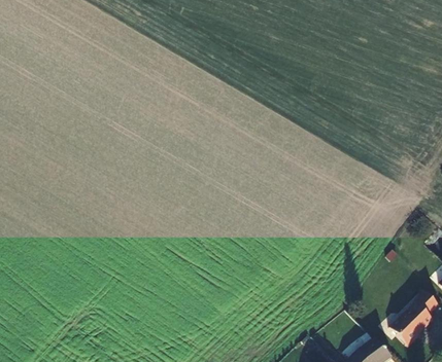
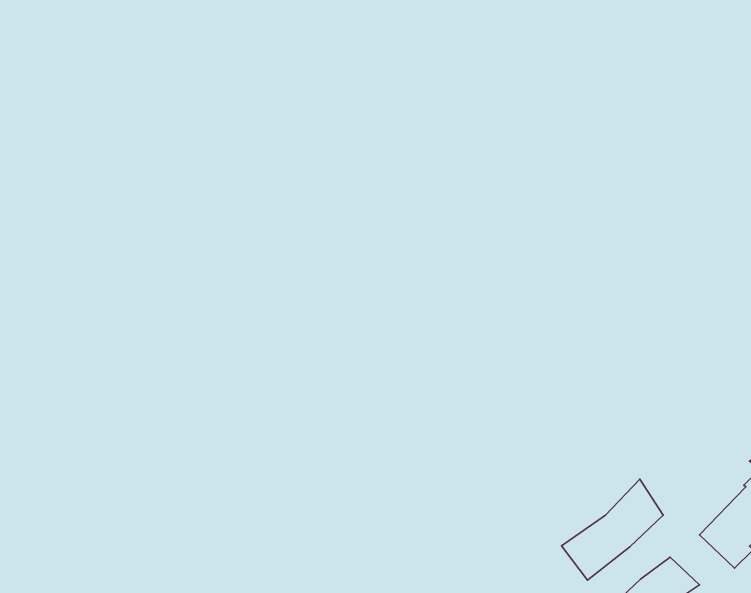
building: none -> [562,479,663,580]

